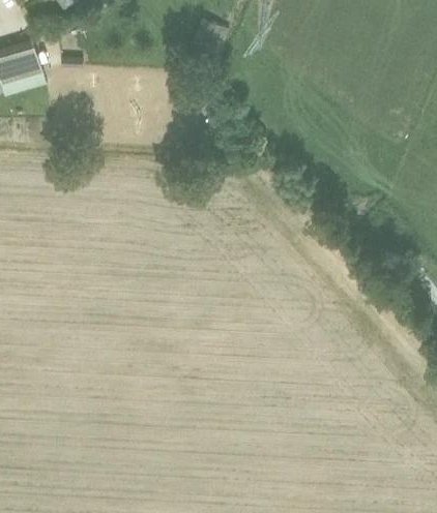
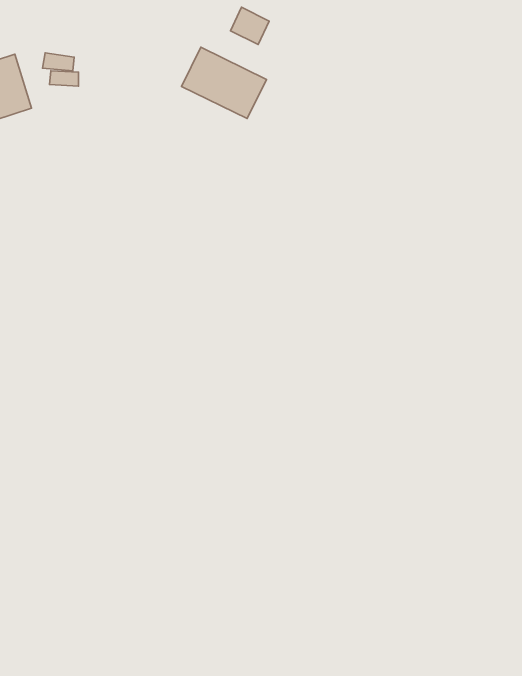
building: none -> [181,47,267,118]

